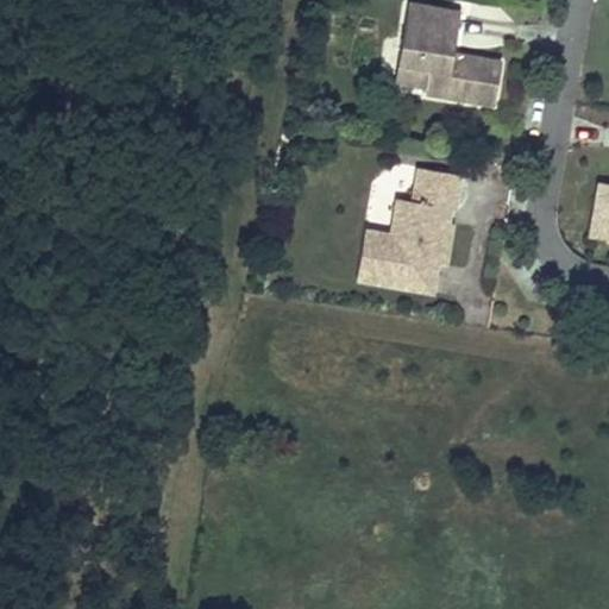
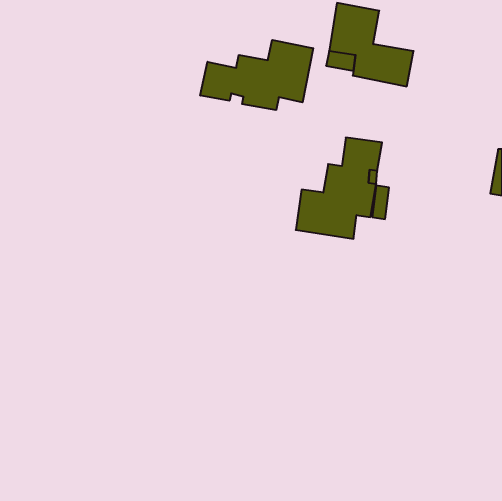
building: none -> [200,40,313,110]

